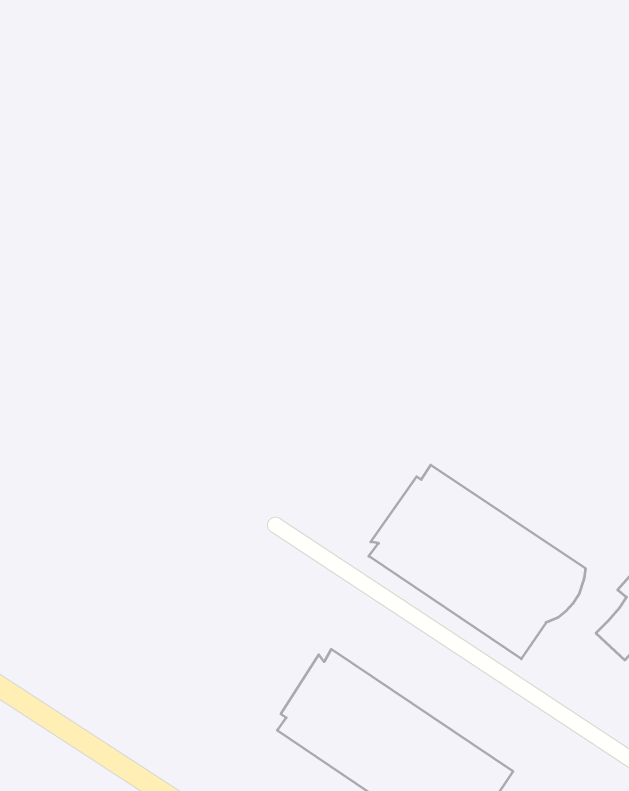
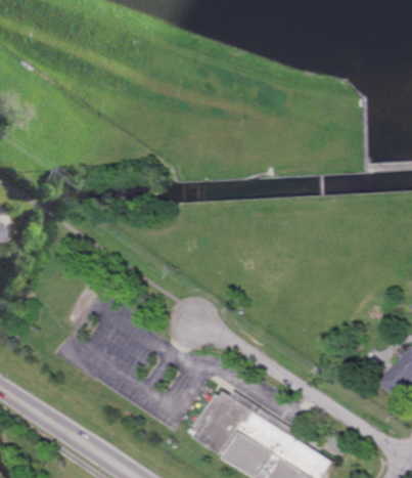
building: [369,465,585,659] -> none

